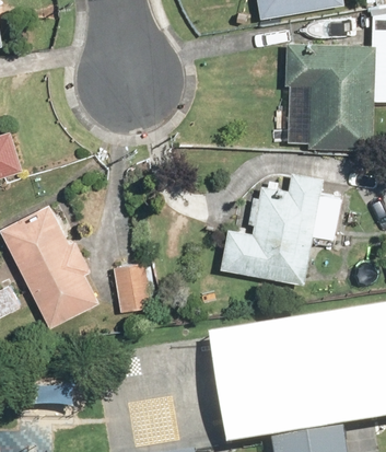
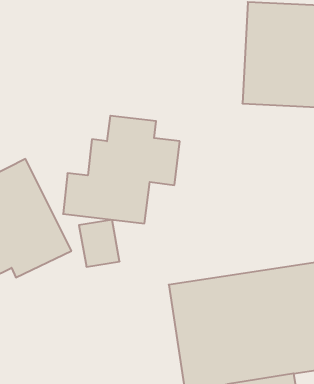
building: [224,171,343,281] -> [63,116,180,223]

